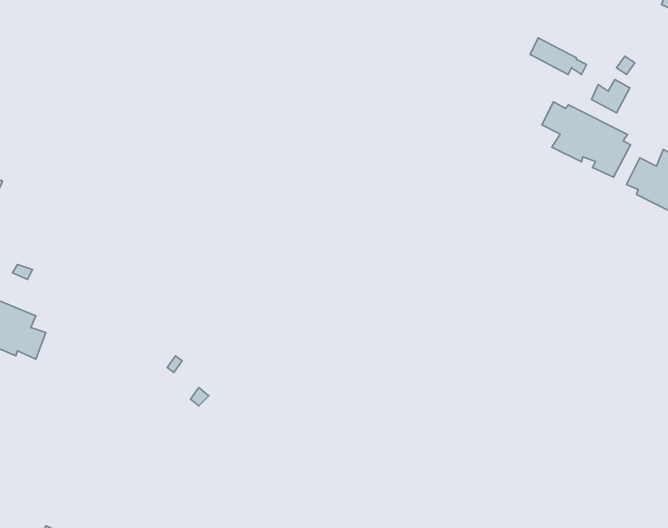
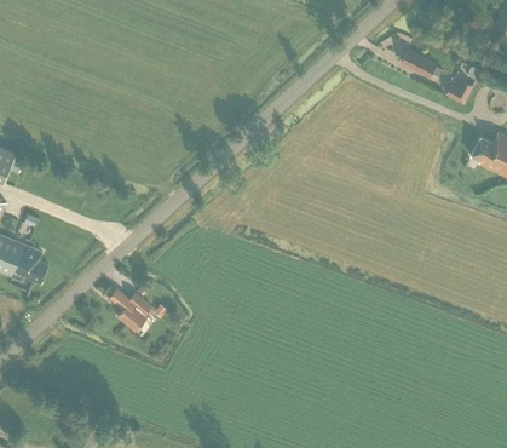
building: [542,102,631,177] -> none
building: none -> [106,287,149,331]

